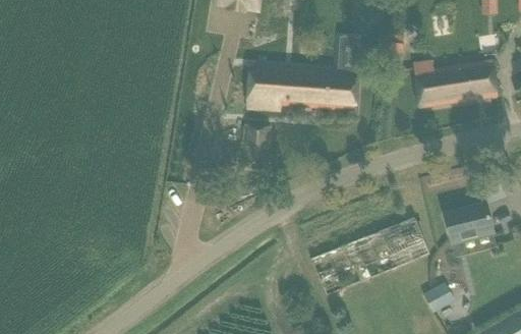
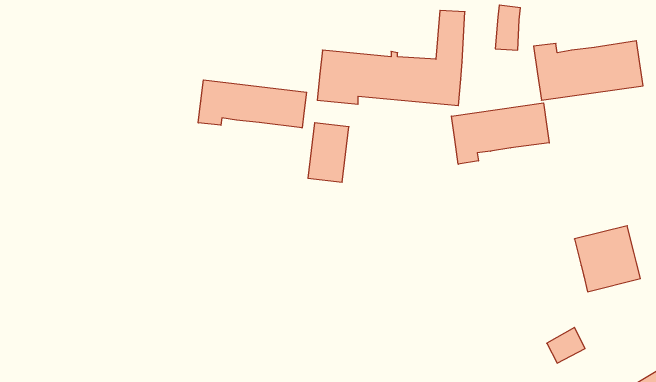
building: none -> [198,80,307,128]
building: none -> [451,103,549,164]
building: [311,216,429,292] -> none

